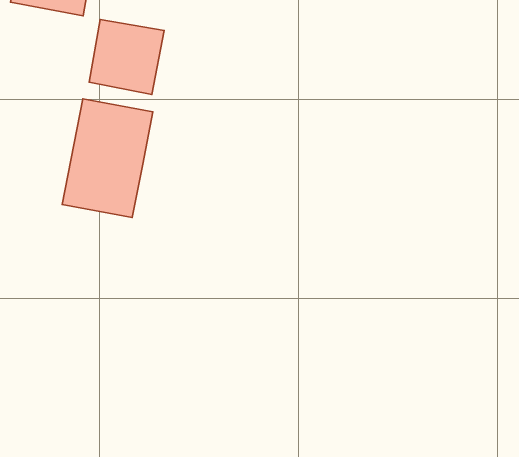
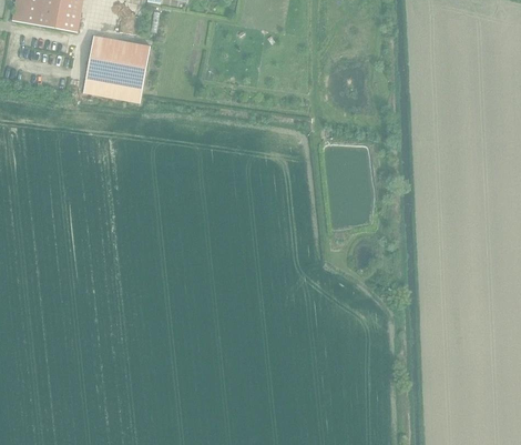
building: [62,99,153,217] -> none

